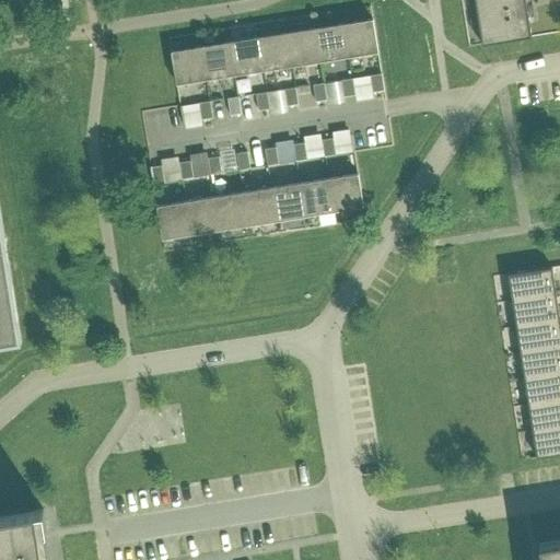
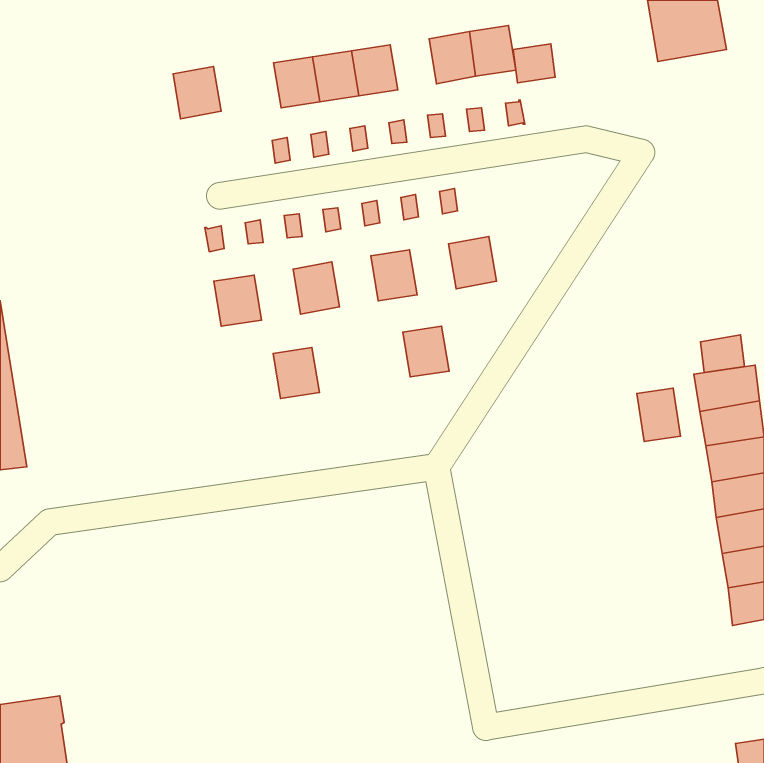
building: [285,30,319,67] -> none
building: none -> [513,44,555,83]
building: [171,47,206,85] -> [173,66,221,119]
building: [300,179,334,217] -> [403,326,449,377]
building: [243,188,277,225] -> none
building: [186,198,220,235] -> [273,348,319,398]
building: none -> [700,335,745,373]
building: none -> [637,388,681,441]

